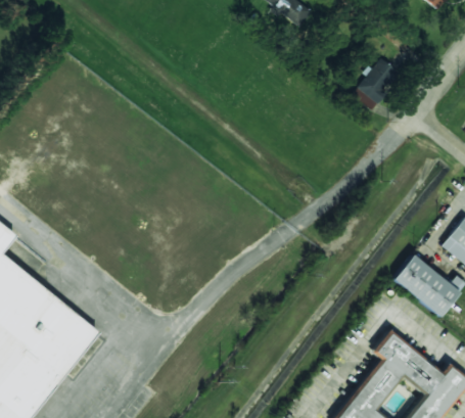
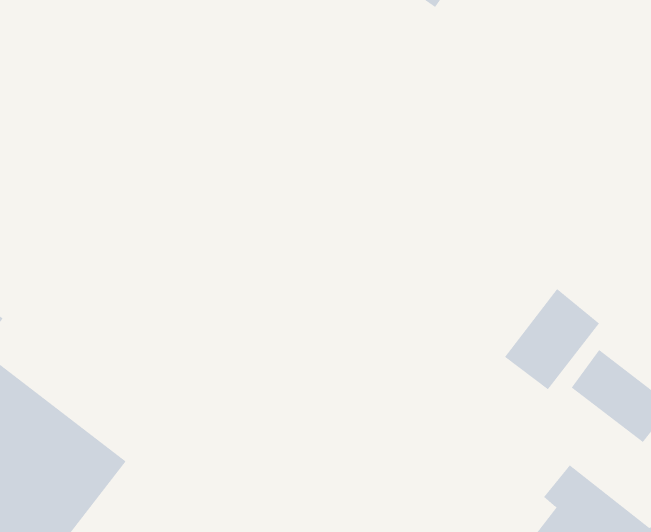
building: [358,57,401,103] -> none
building: none -> [504,288,600,390]

